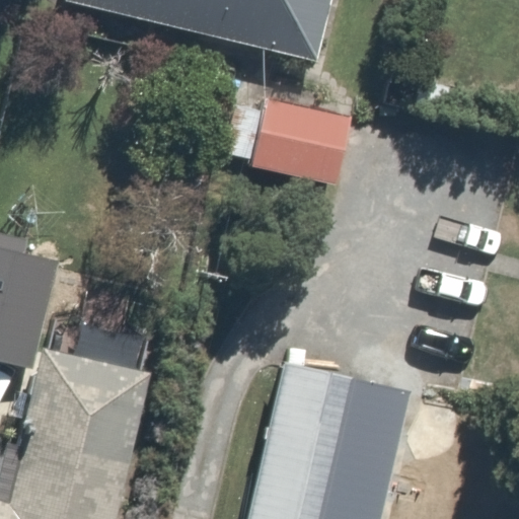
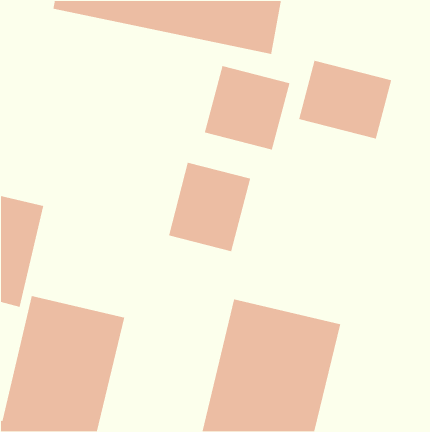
building: none -> [298,60,392,140]
building: none -> [168,162,251,252]

